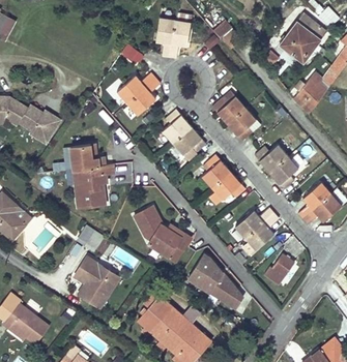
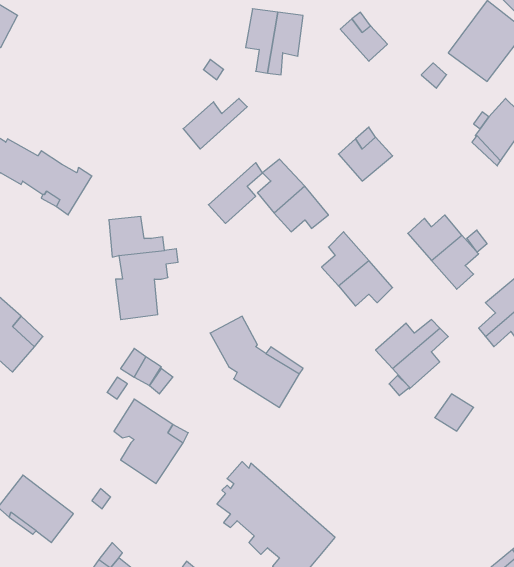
building: [126,78,160,115] -> [208,163,262,223]
building: [226,108,260,141] -> none
building: [184,257,249,310] -> none

